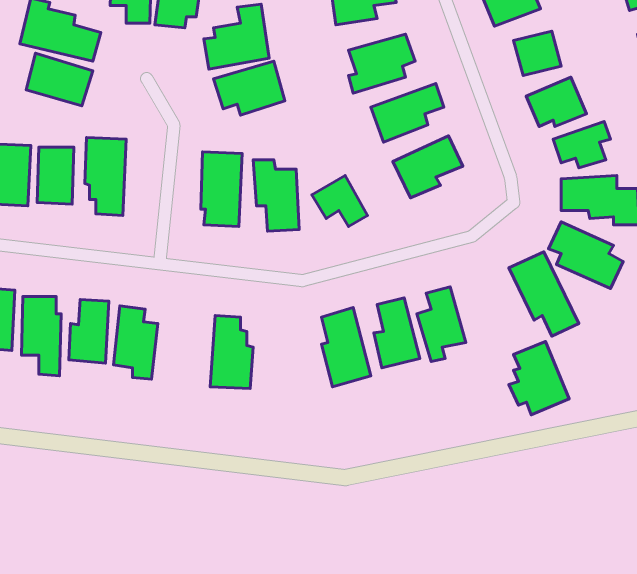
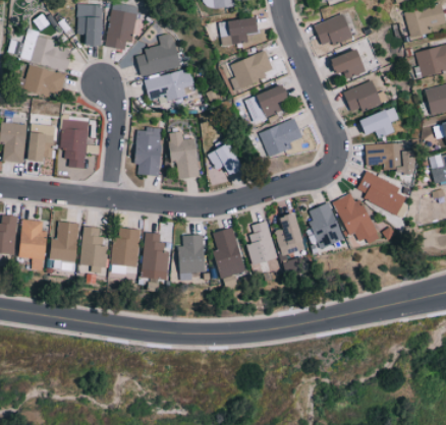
building: none -> [112,228,140,270]
building: none -> [179,235,205,281]
building: [509,342,569,415] -> [305,202,344,249]

